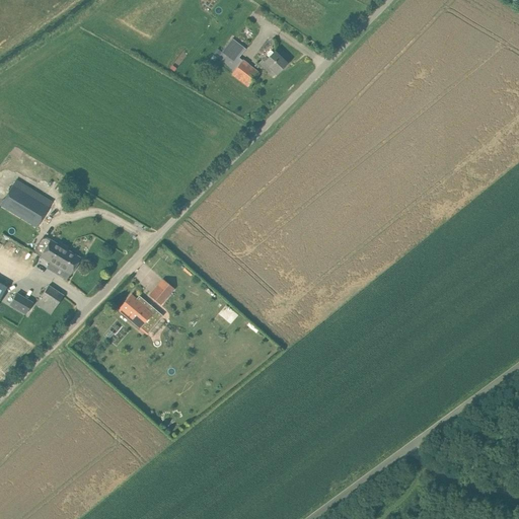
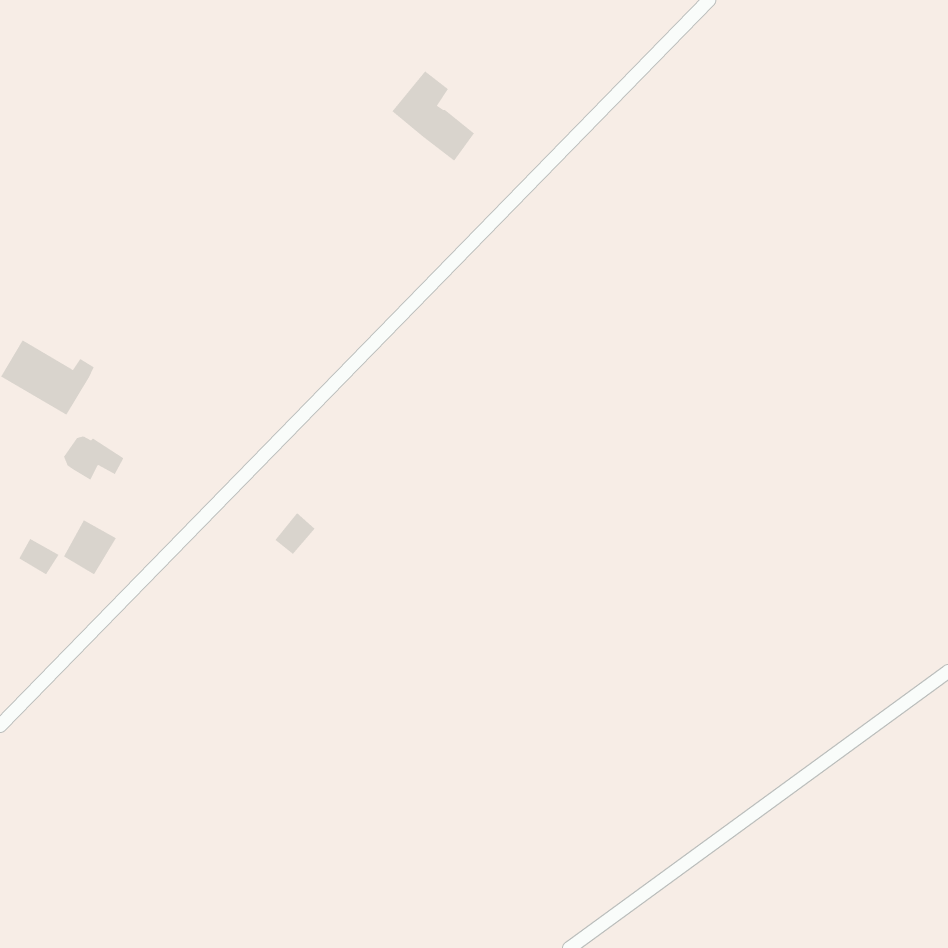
building: [258,52,287,77] -> none
building: [50,250,81,276] -> none
building: [119,295,152,326] -> none

